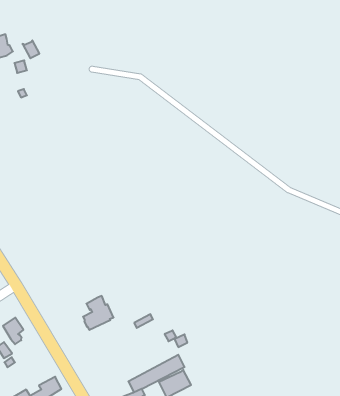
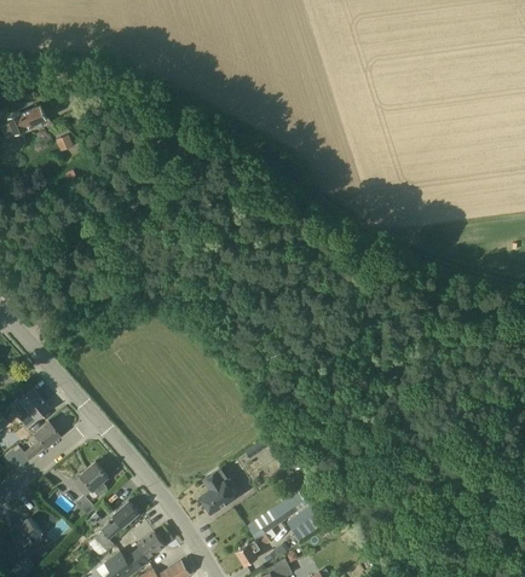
building: [83,296,114,330] -> [200,468,238,513]
building: none -> [93,501,138,552]

